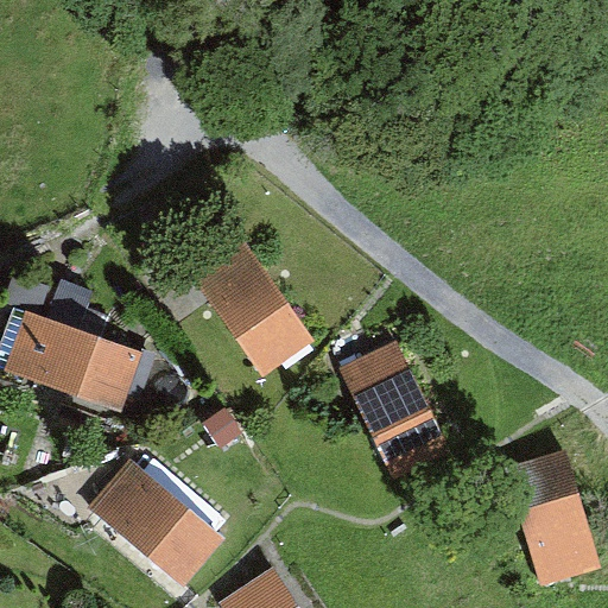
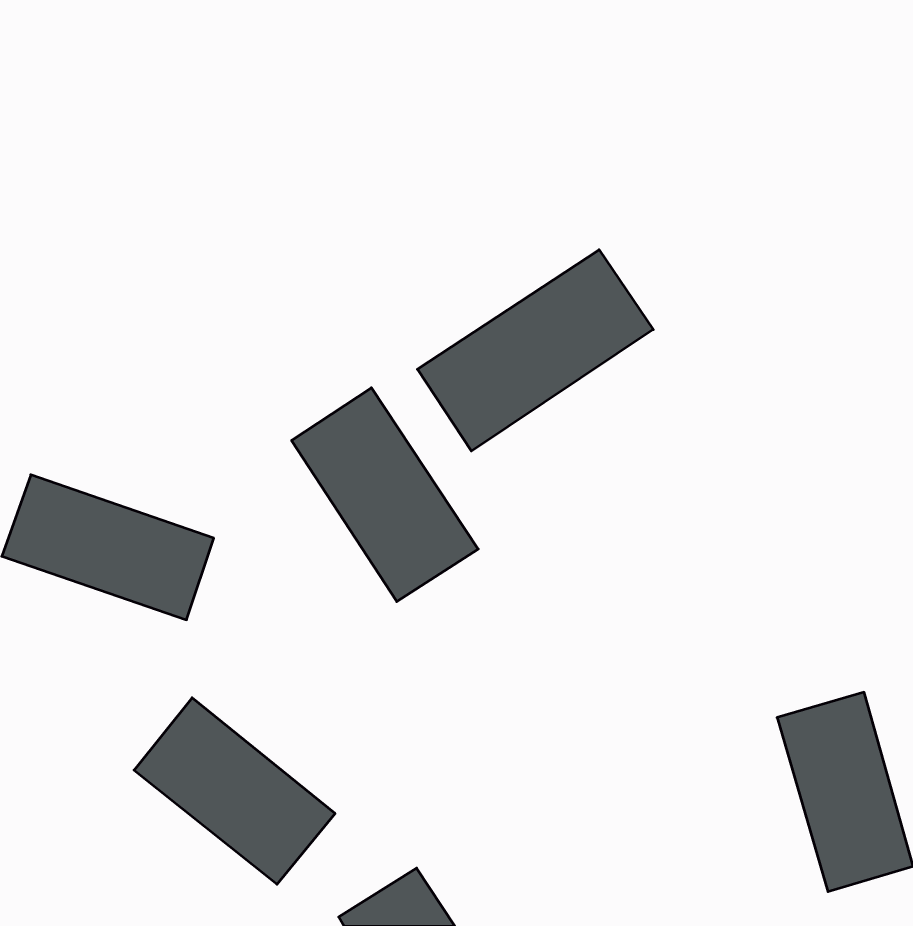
building: none -> [417,250,653,451]
building: [343,342,449,476] -> none

